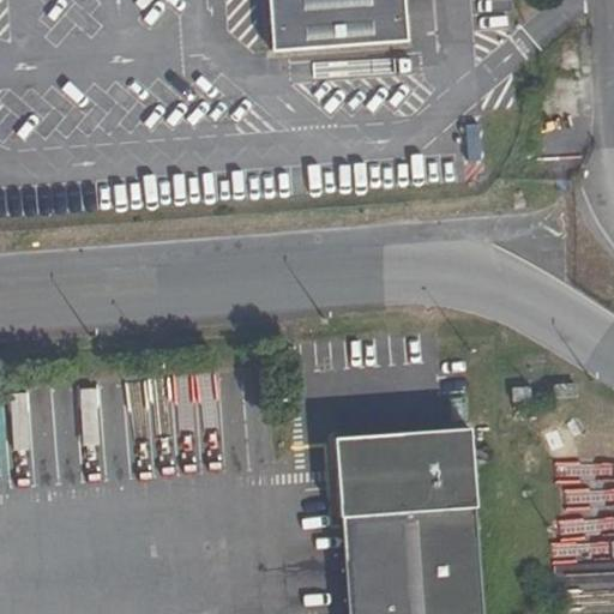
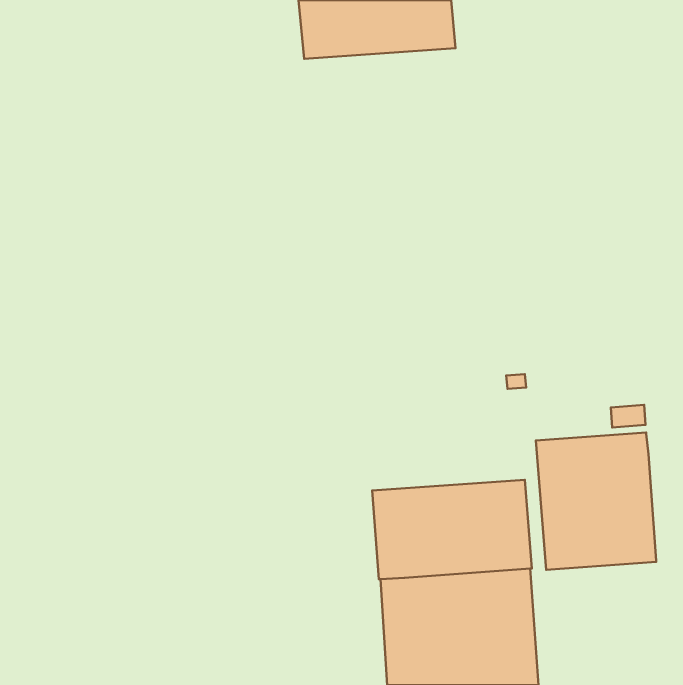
building: none -> [536,433,656,570]

